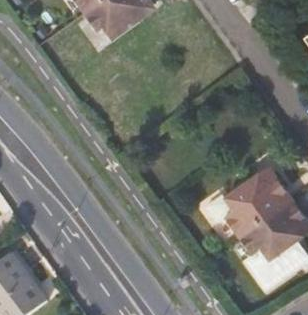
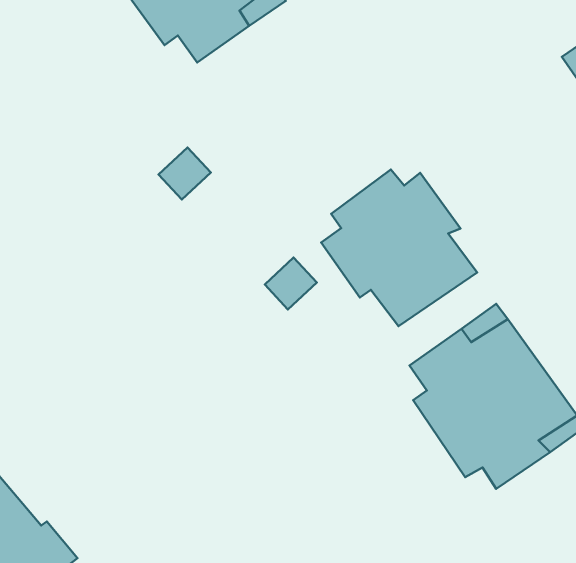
building: none -> [321,169,477,326]

